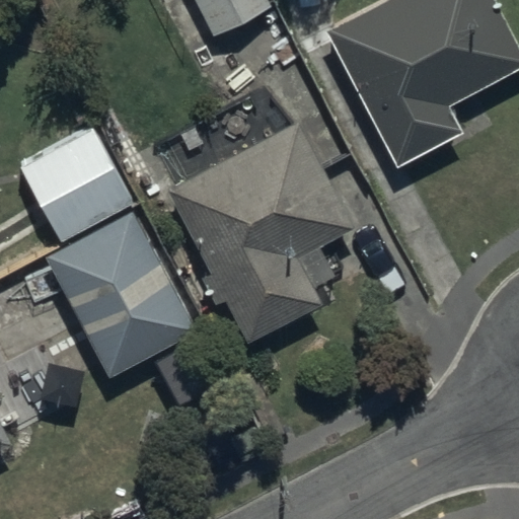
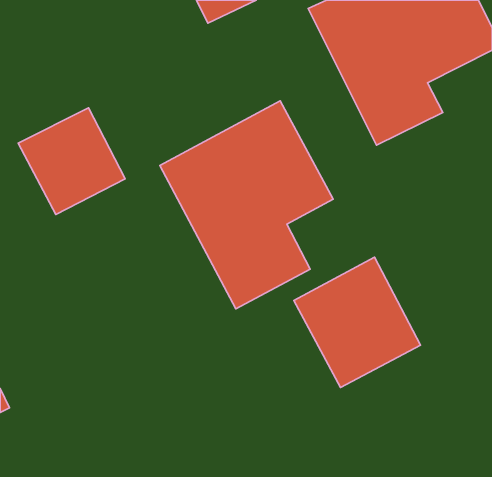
building: [46,208,199,378] -> none
building: none -> [294,257,420,388]

